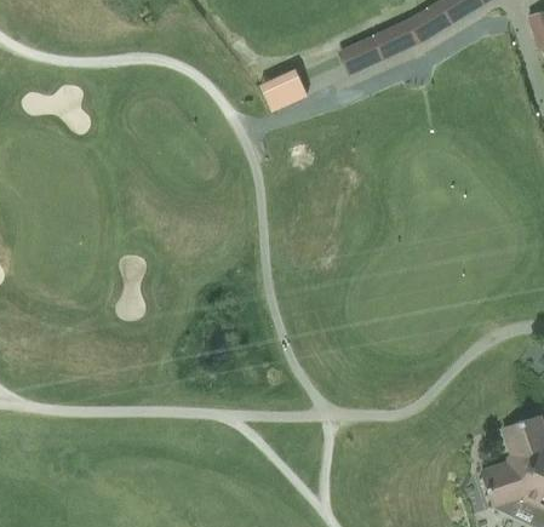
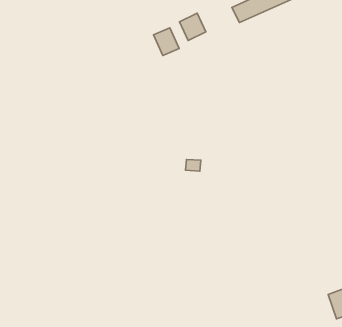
building: none -> [153,28,179,56]

